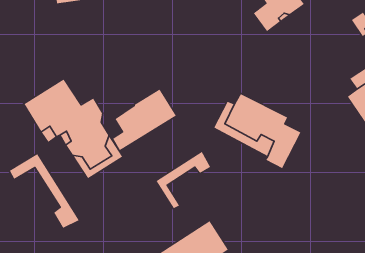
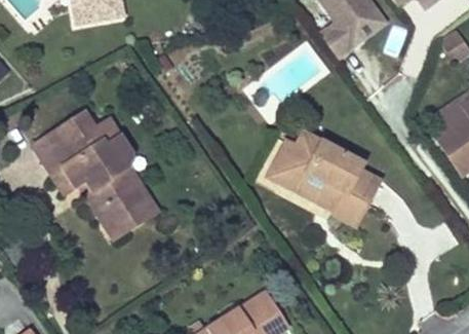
building: [112,89,177,151] -> none
building: [156,151,211,209] -> none
building: [9,153,80,229] -> none

